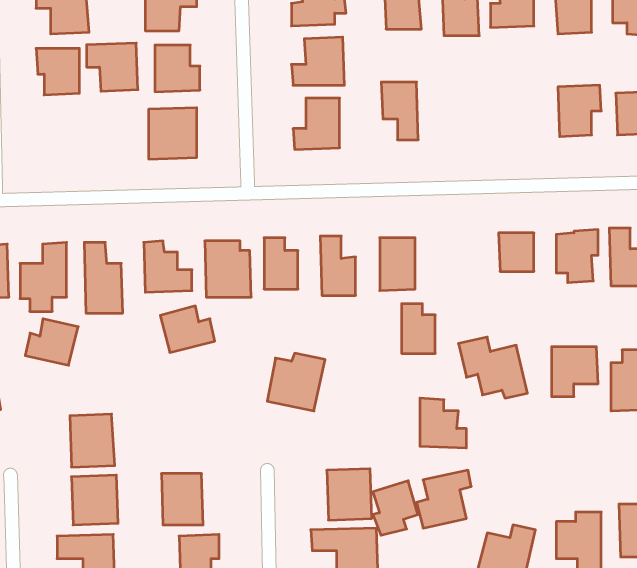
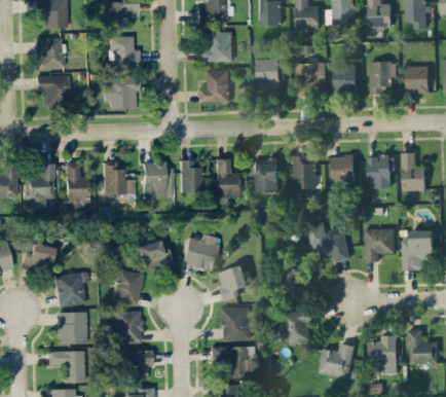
building: [87,43,138,91] -> [37,75,70,106]
building: none -> [297,63,326,91]
building: none -> [334,66,357,93]
building: [402,304,435,353] -> [294,156,315,188]
building: [160,306,215,352] -> [138,240,173,269]
building: [25,319,78,365] -> [22,243,55,273]
building: none -> [113,269,143,304]
building: [373,481,418,535] -> [219,265,248,300]

